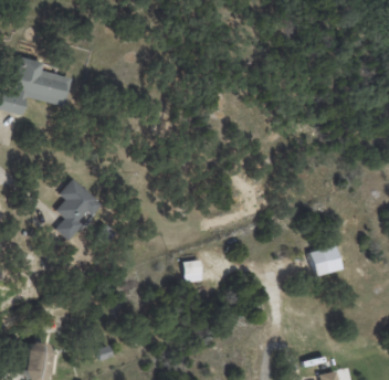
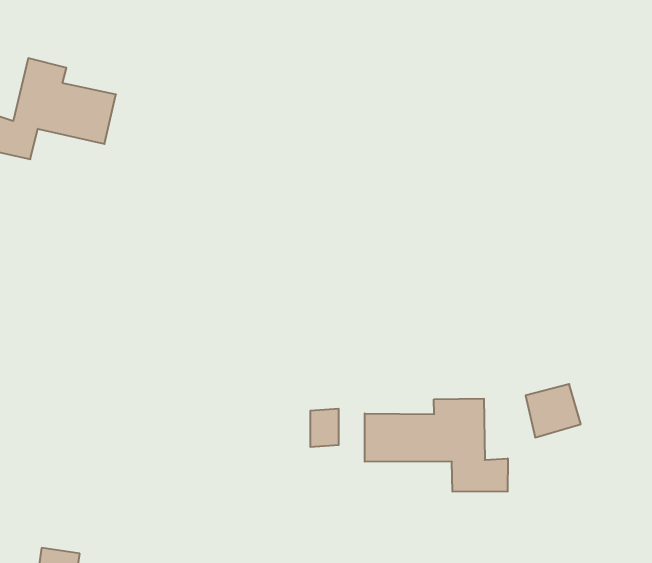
building: [55,178,103,240] -> none
building: none -> [365,399,508,492]

